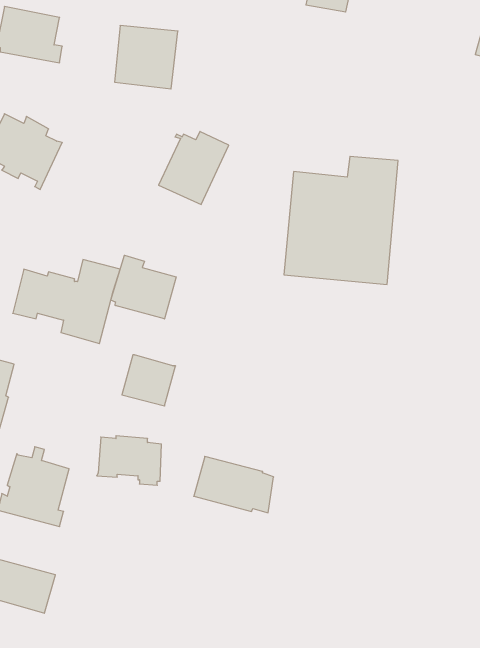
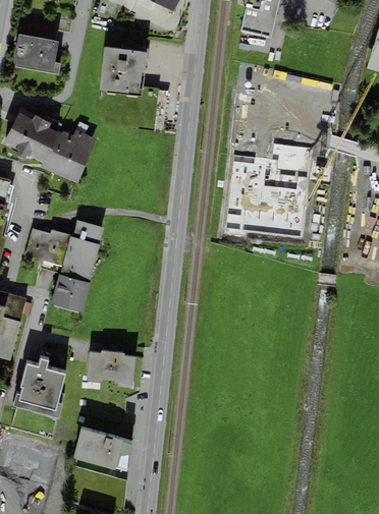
building: [159,131,229,204] -> [45,128,97,182]
building: [111,255,176,319] -> none
building: [122,355,176,406] -> [51,274,91,311]
building: [194,456,274,513] -> [72,429,131,470]

